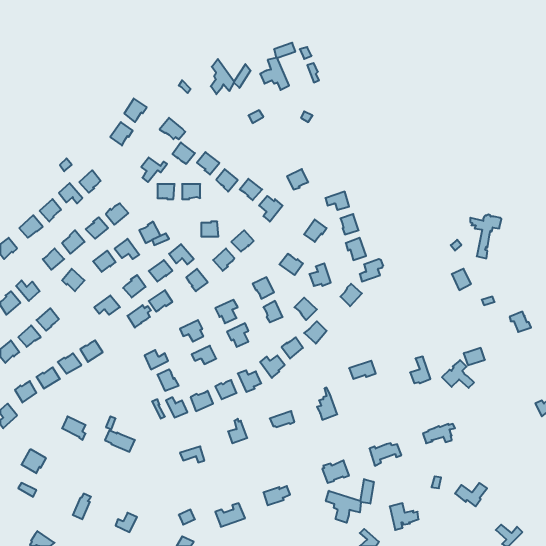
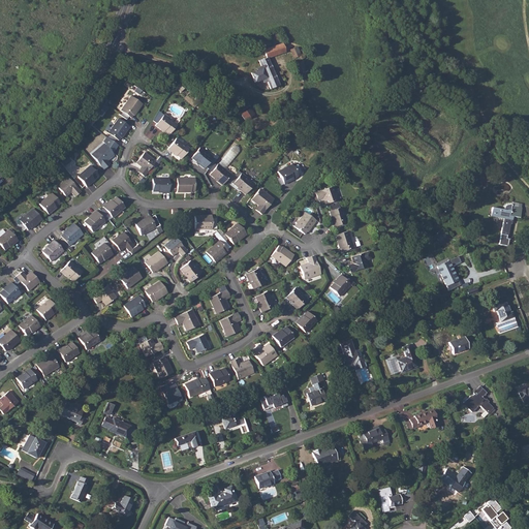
building: [211,59,251,94] -> none
building: none -> [91,136,118,168]
building: [470,215,501,258] -> [492,203,522,245]
building: [442,360,474,388] -> [463,385,494,412]
building: [326,479,374,523] -> none

